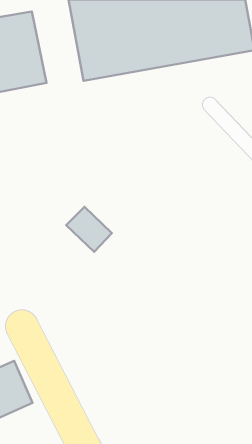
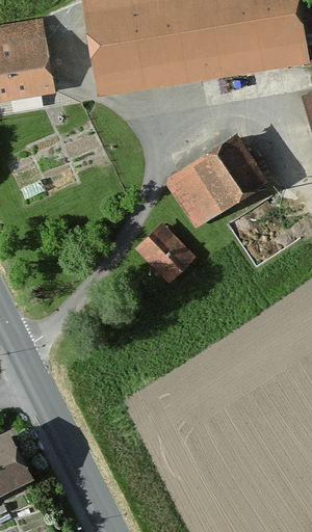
building: none -> [163,136,268,232]
building: [66,207,112,252] -> [134,231,188,284]

